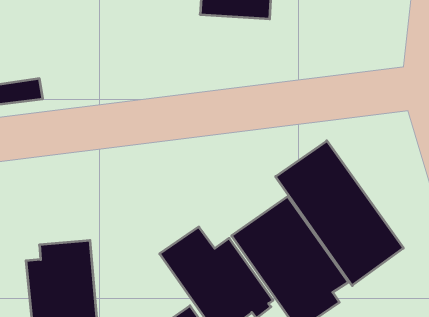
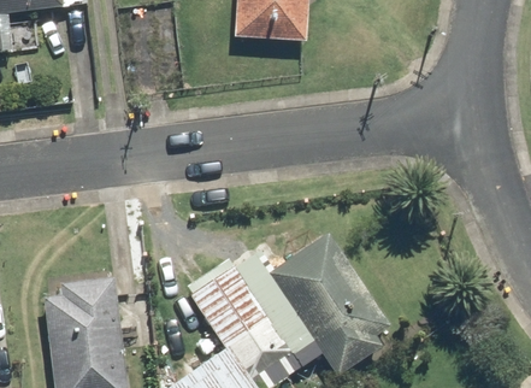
building: [276,141,403,286] -> none

